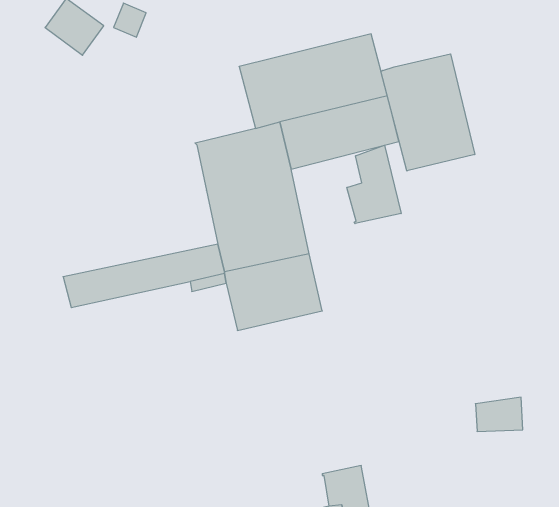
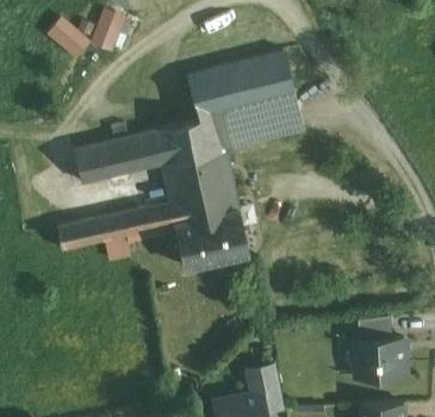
building: [381,54,475,171] -> none
building: none -> [74,132,162,185]
building: [347,145,401,224] -> none
building: none -> [358,341,406,378]

